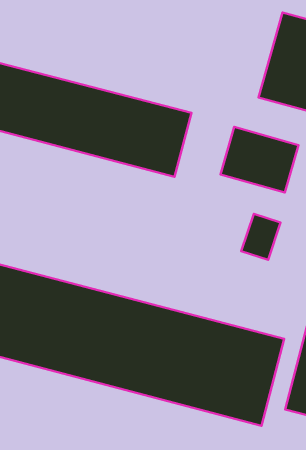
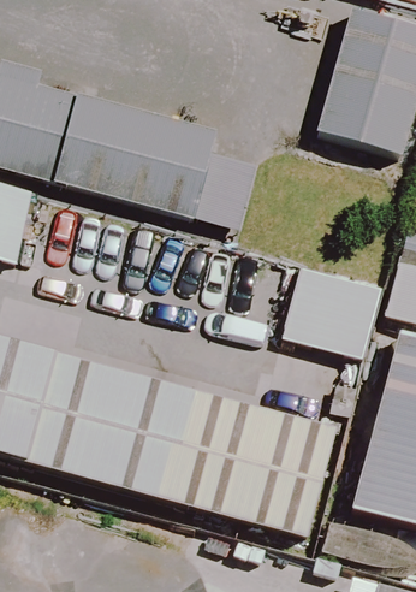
building: [221,127,299,193] -> none

